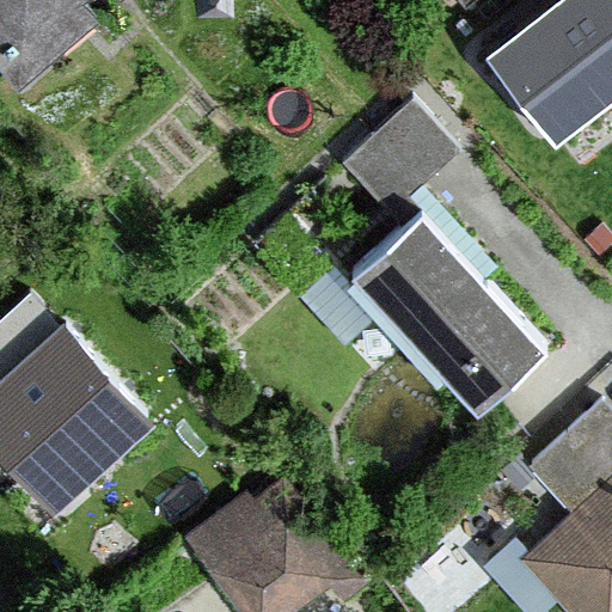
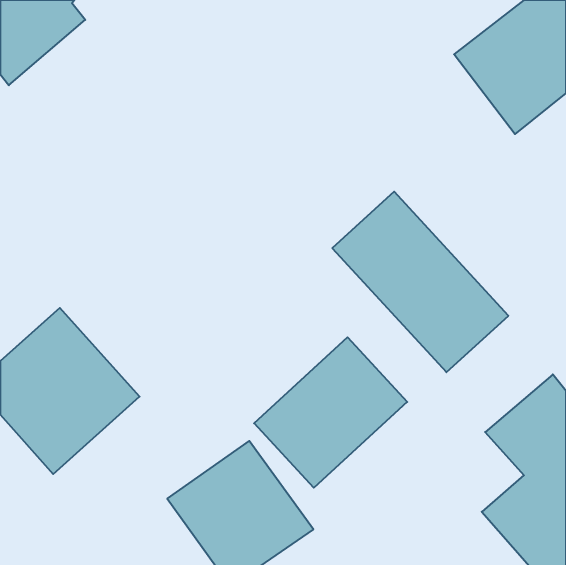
building: [343,103,443,203] -> none
building: none -> [254,337,407,488]

